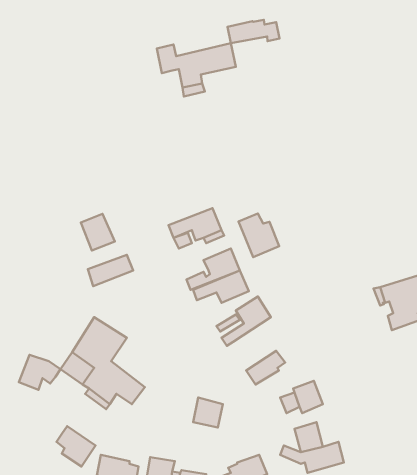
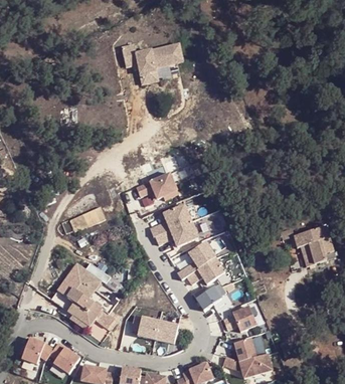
building: [227,20,280,43] -> none
building: [238,214,279,257] -> none
building: [81,214,115,251] -> none
building: none -> [186,256,224,283]
building: [19,355,61,390] -> [21,336,53,363]
building: none -> [131,313,159,338]

